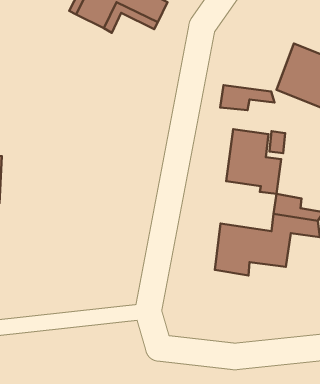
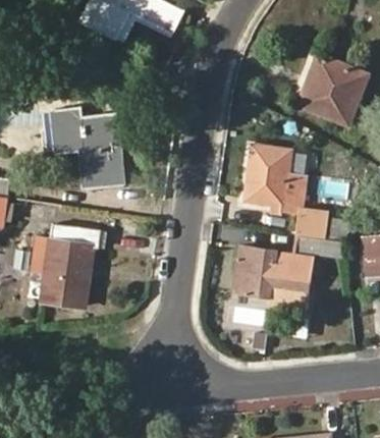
building: [220,85,275,110] -> none
building: none -> [49,107,123,188]
building: none -> [40,223,100,309]

